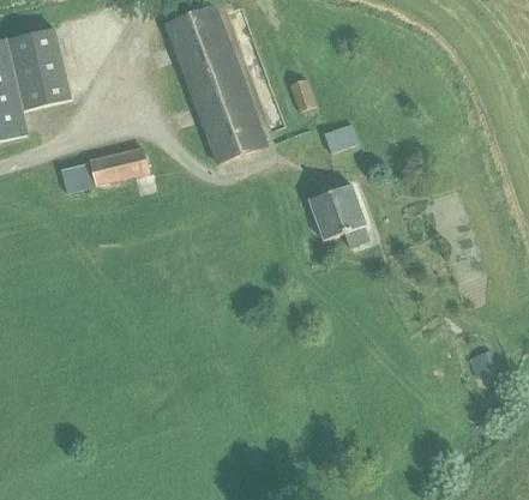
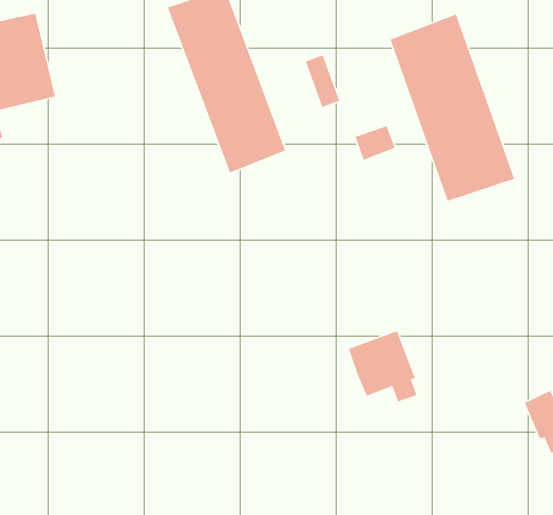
building: none -> [389,14,515,202]
building: [61,146,149,192] -> none
building: [312,191,371,252] -> [348,330,417,403]

